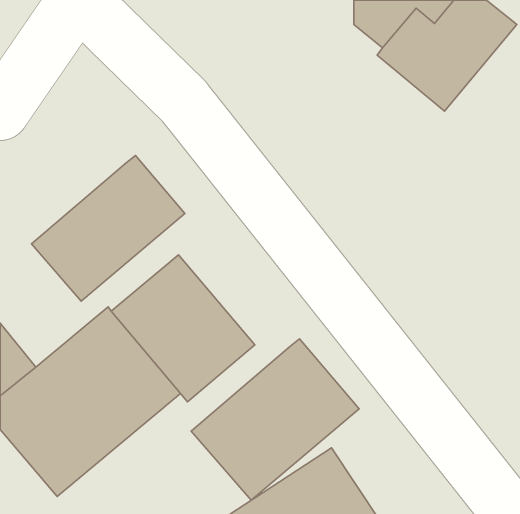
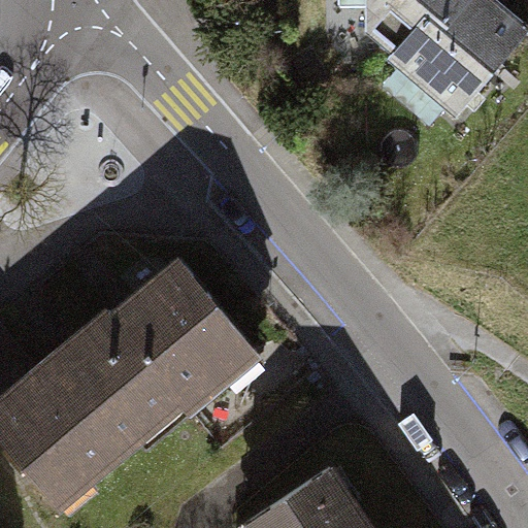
building: [32,155,185,301] -> none
building: [191,339,359,500] -> none

